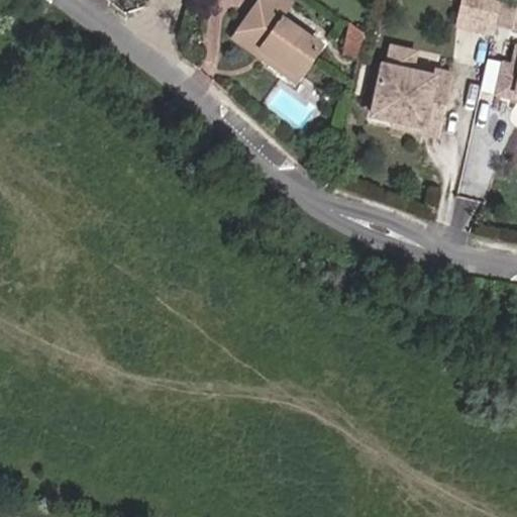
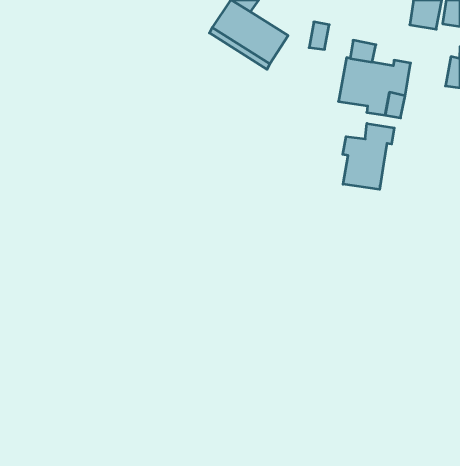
building: none -> [343,123,394,189]

